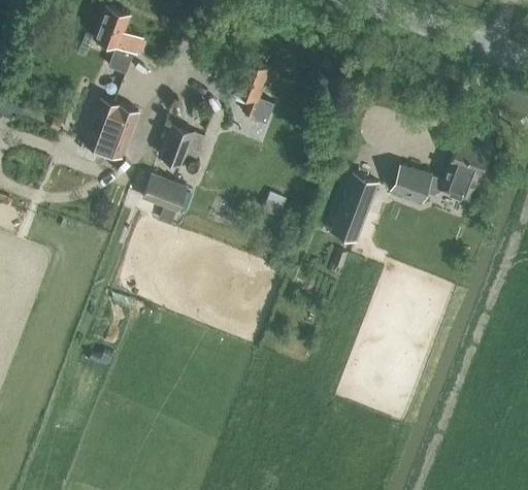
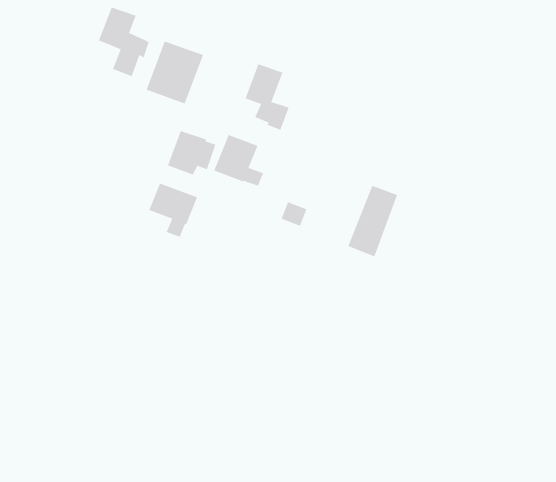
building: [85,97,139,157] -> [146,41,204,104]
building: none -> [213,134,264,187]
building: [391,138,488,204] -> none

